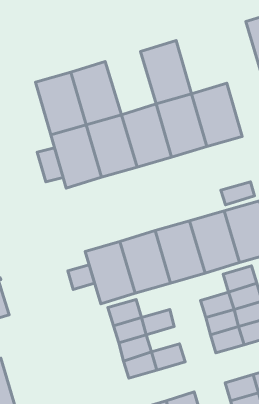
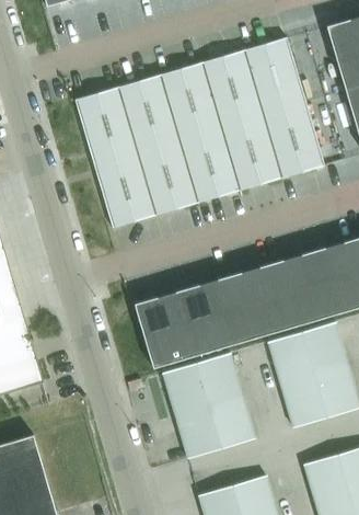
building: none -> [244,37,305,114]
building: none -> [159,62,220,139]
building: [37,148,63,182] -> none
building: [221,182,254,205] -> none
building: [68,265,95,289] -> none
building: none -> [267,332,308,364]
building: none -> [196,353,236,385]
building: none -> [208,396,248,426]

